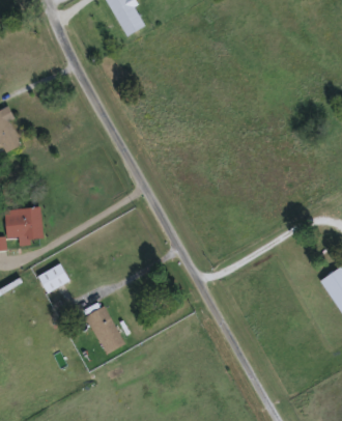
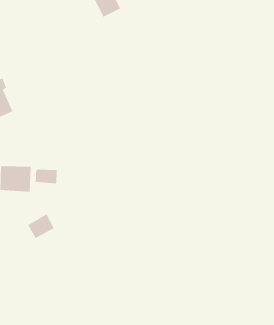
building: none -> [35,169,57,184]
building: [85,305,125,354] -> none

